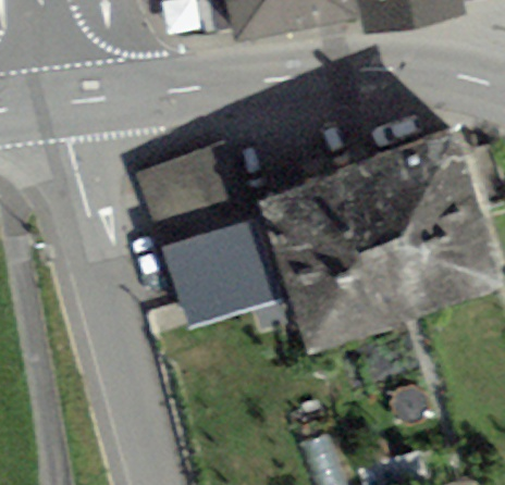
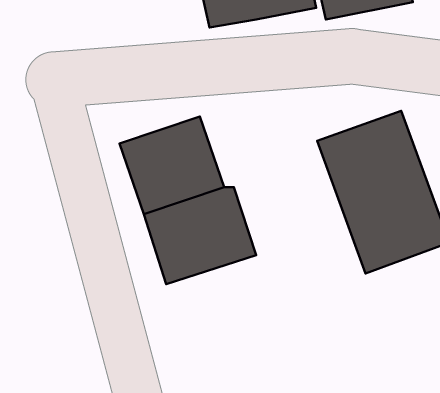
building: [259,162,412,347] -> none

